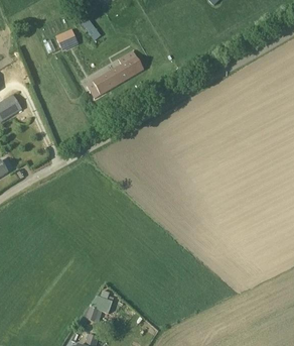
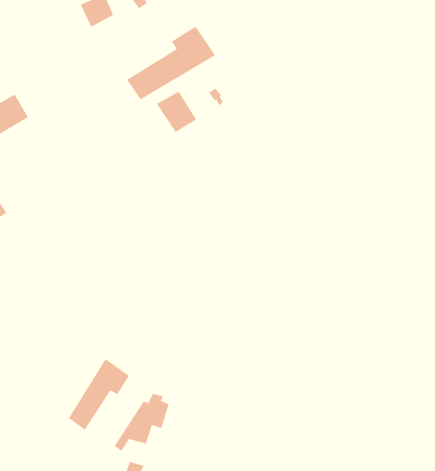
building: none -> [156,91,197,133]
building: none -> [68,358,130,431]

